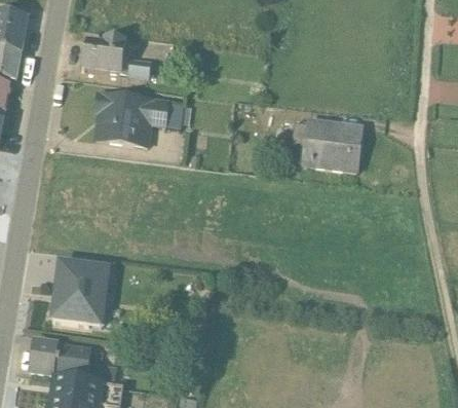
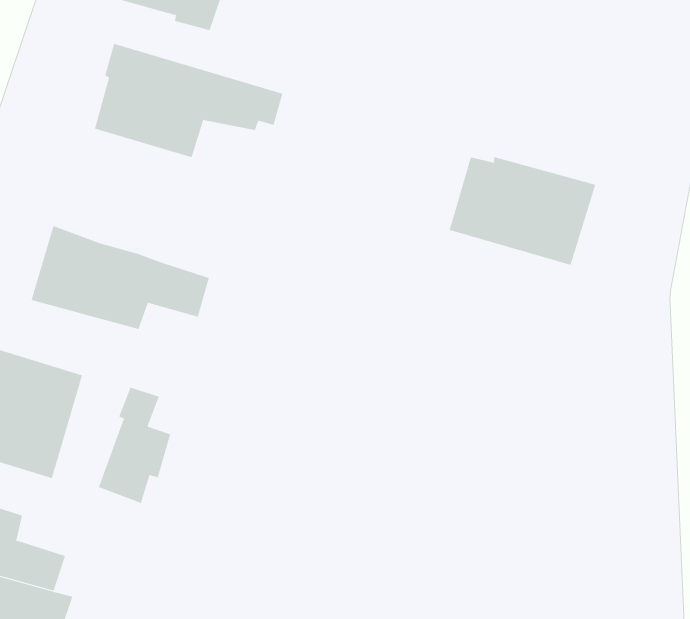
building: none -> [31,225,209,330]
building: none -> [98,387,171,504]

